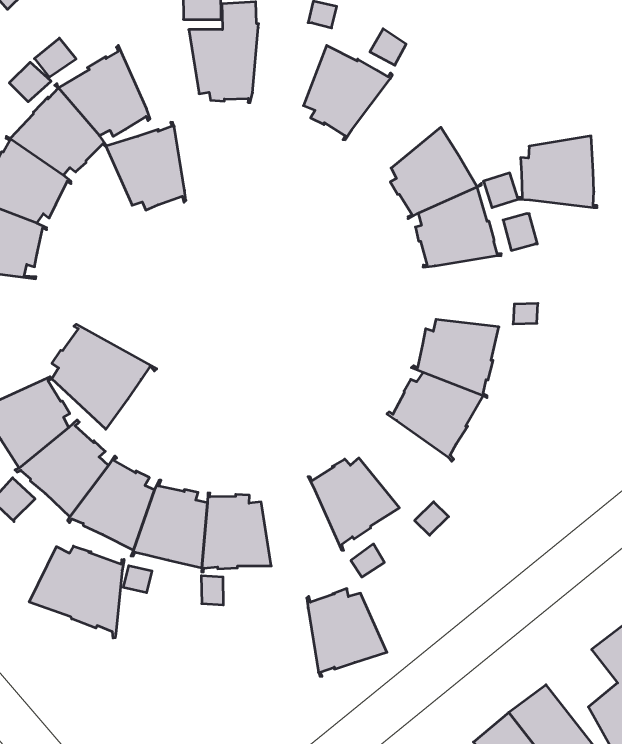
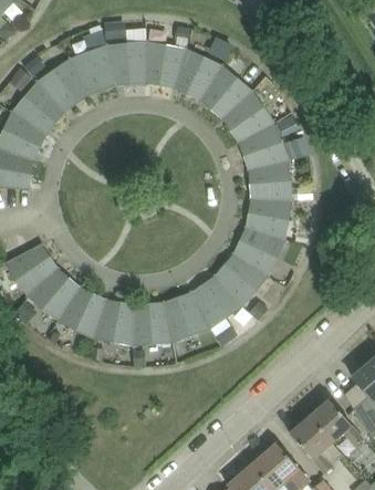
building: none -> [146,41,186,88]
building: none -> [202,65,254,119]
building: [106,122,186,210] -> [71,42,117,92]
building: [518,136,597,208] -> [249,160,293,200]
building: [52,324,157,429] -> none
building: none -> [213,256,267,306]
building: [29,546,124,638] -> none
building: [307,589,387,676] -> [163,293,209,343]

